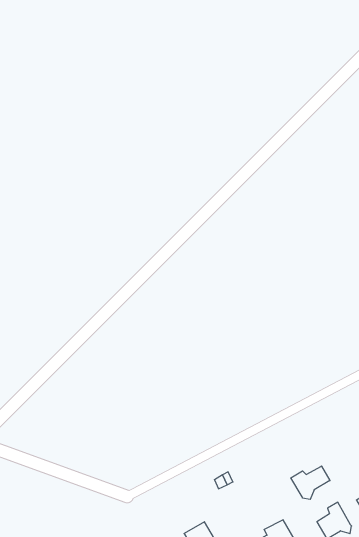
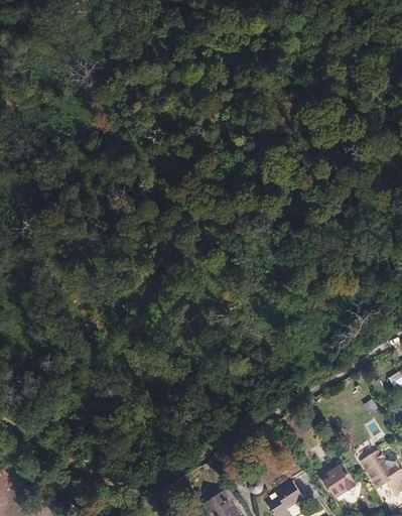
building: [291,466,330,499] -> none

